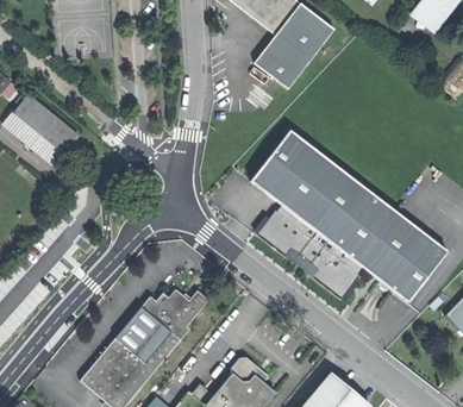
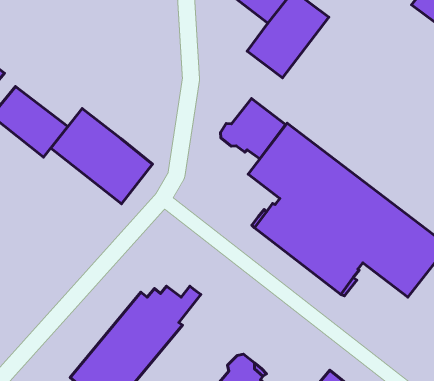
building: none -> [220,98,285,159]
building: none -> [51,109,153,204]

